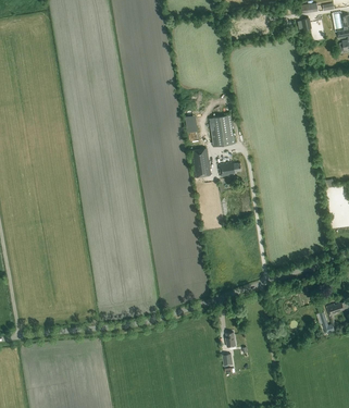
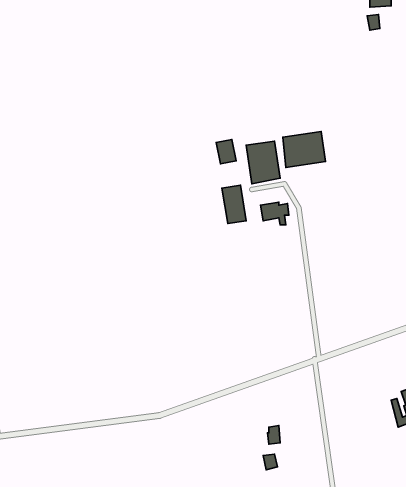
building: none -> [283,132,326,167]

